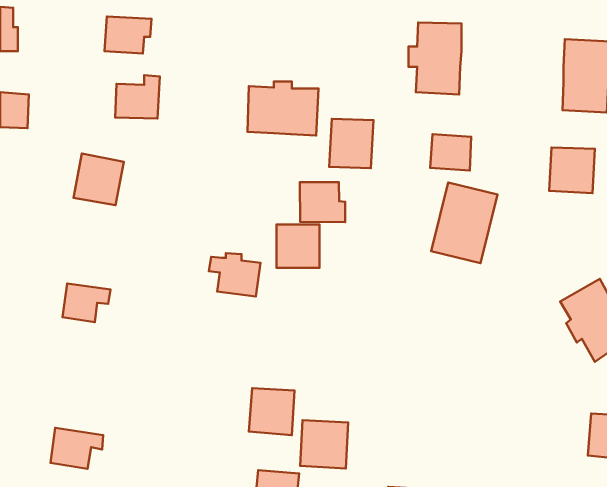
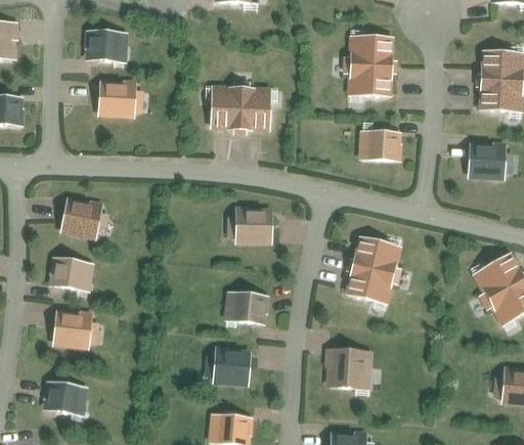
building: [329,119,373,168] -> none
building: [73,153,124,205] -> [60,195,103,239]
building: [300,182,345,222] -> none
building: [431,182,497,263] -> [345,235,401,304]
building: [209,253,261,296] -> [225,286,269,323]
building: none -> [53,309,93,349]
building: [300,420,348,468] -> [325,348,366,389]

